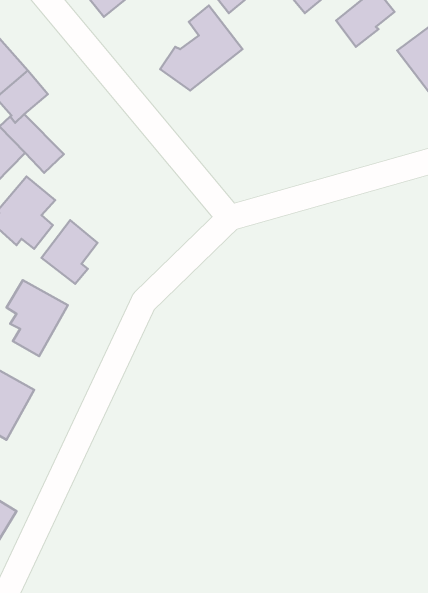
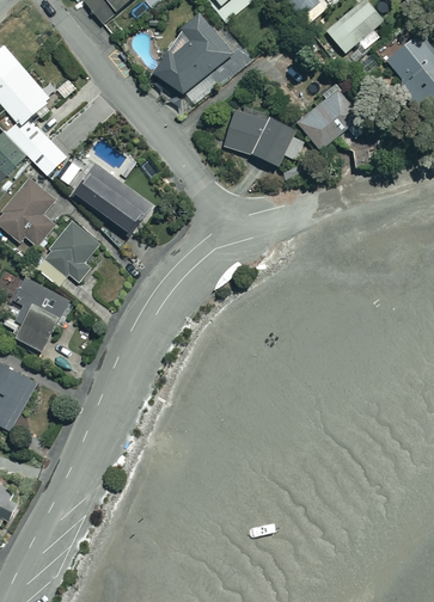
building: none -> [299,86,362,150]
building: none -> [222,109,305,167]
building: none -> [73,161,151,232]

